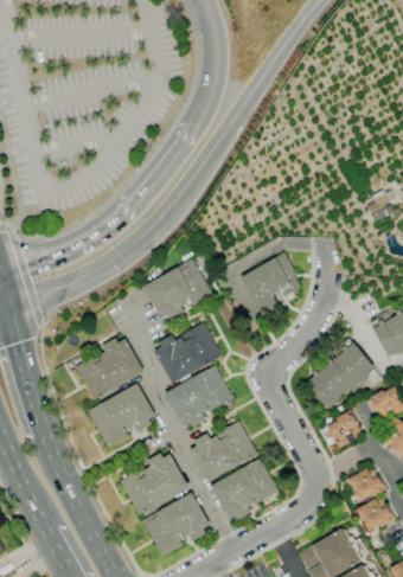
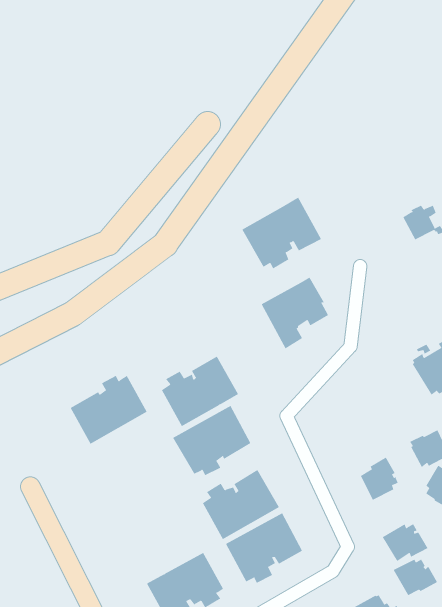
building: [143,258,213,321] -> [241,197,322,269]
building: [308,339,384,409] -> none
building: [88,383,155,448] -> none
building: [121,454,190,515] -> none

